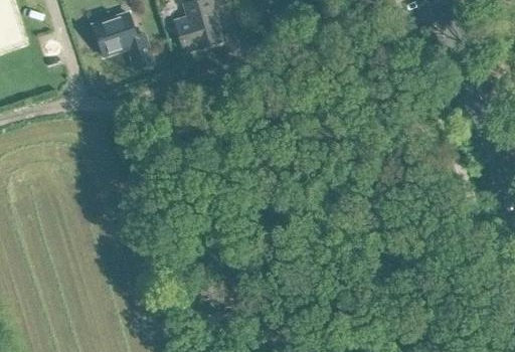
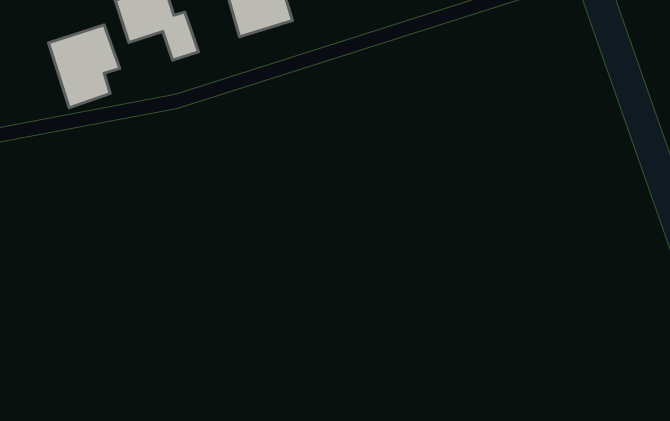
building: none -> [48,25,120,108]

